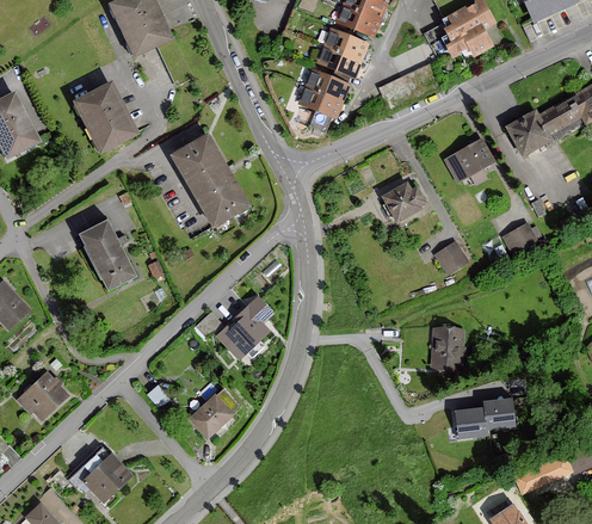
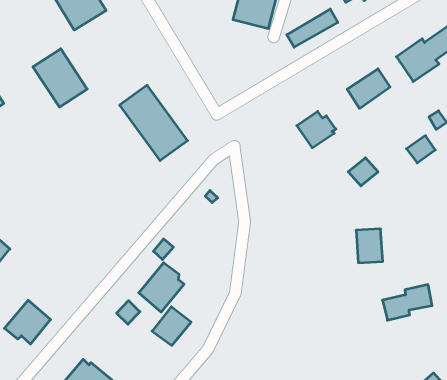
building: [297,70,350,122] -> none
building: [81,218,135,284] -> none
building: [214,304,267,362] -> [139,263,184,312]

